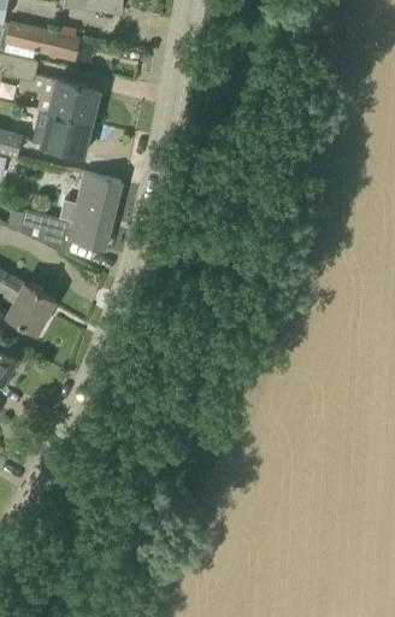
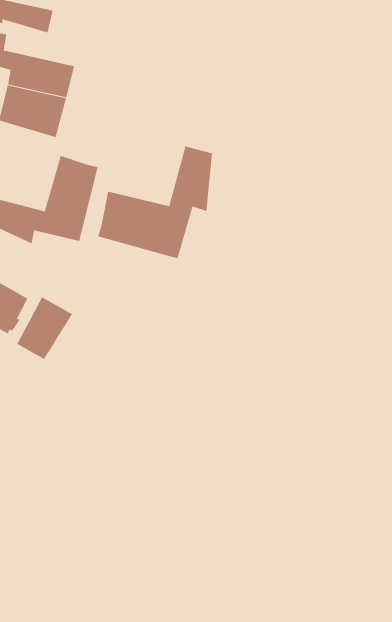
building: none -> [98,146,213,259]
building: none -> [17,296,73,360]

